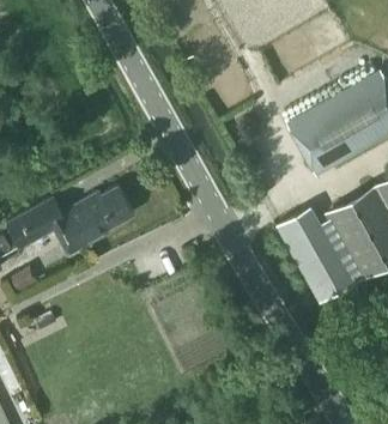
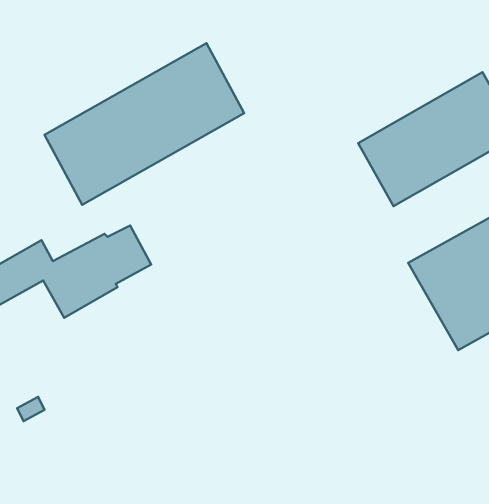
building: none -> [45,43,244,205]
building: [280,210,356,301] -> none

